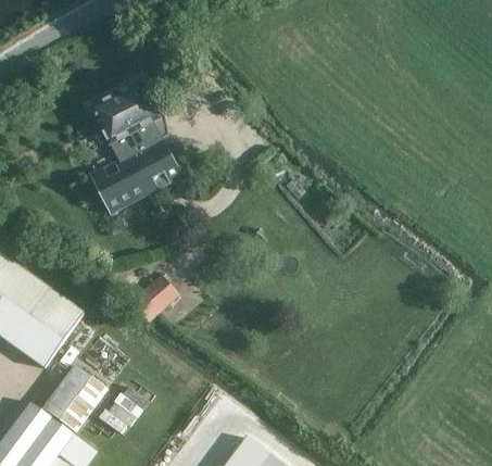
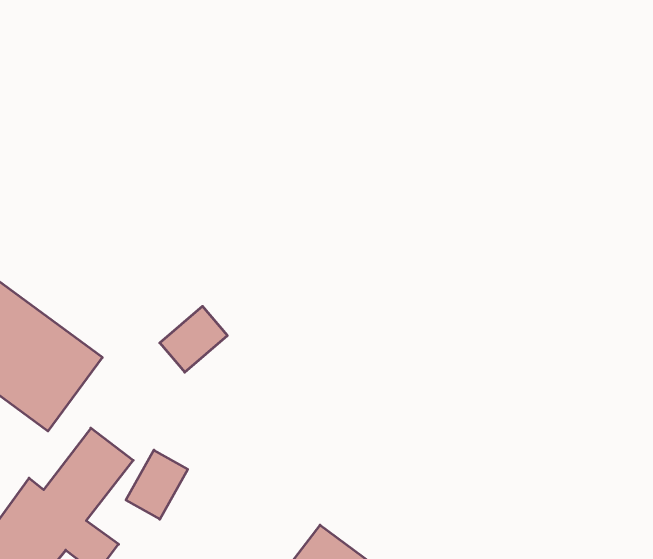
building: [87,84,182,216] -> none

